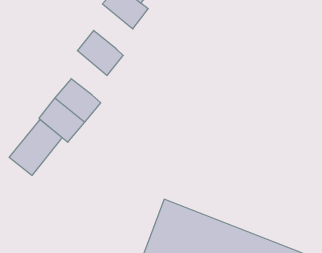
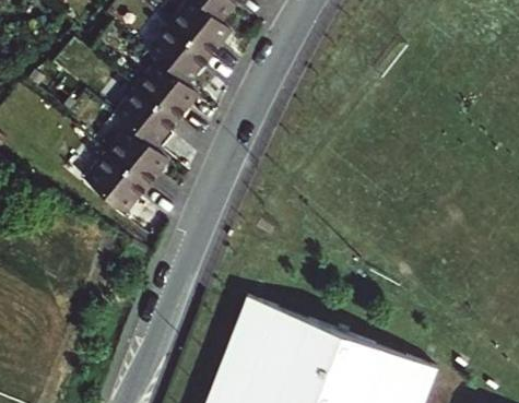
building: none -> [146,27,210,88]
building: none -> [113,91,175,151]
building: [9,119,62,175] -> none

